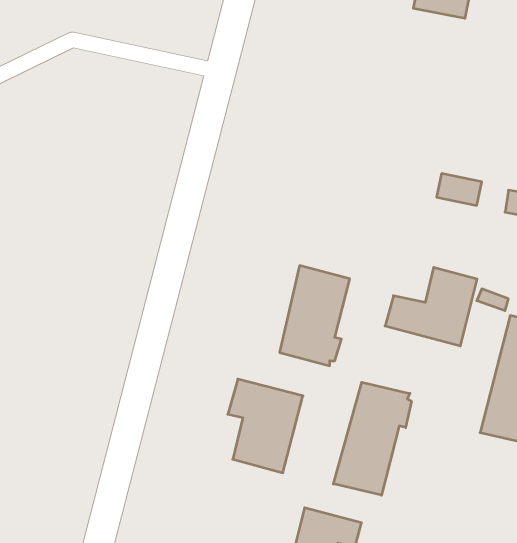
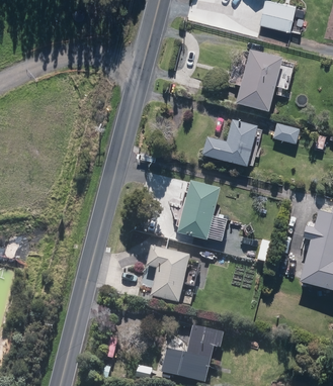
building: none -> [237,51,283,112]
building: [385,267,477,346] -> [202,119,258,167]
building: [333,382,411,495] -> none

